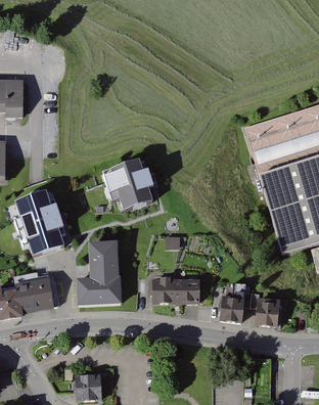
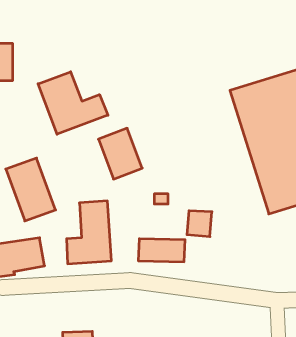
building: none -> [38,72,108,134]
building: [218,296,243,322] -> [187,211,212,237]
building: [255,298,282,326] -> none

